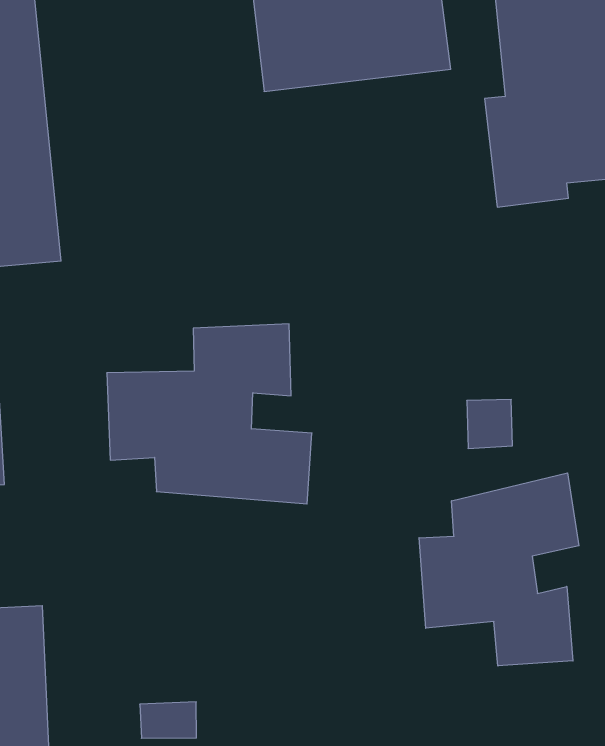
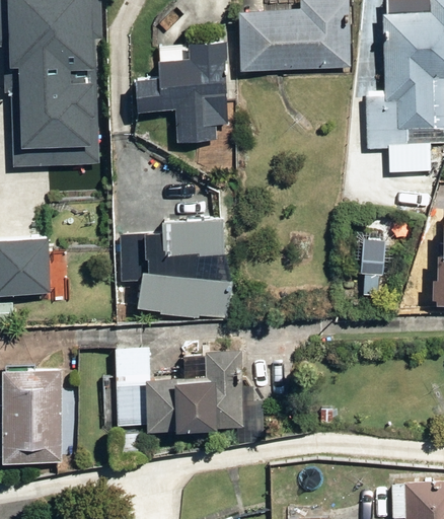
building: none -> [130,47,226,149]
building: [419,473,579,666] -> none
building: none -> [105,346,254,436]

